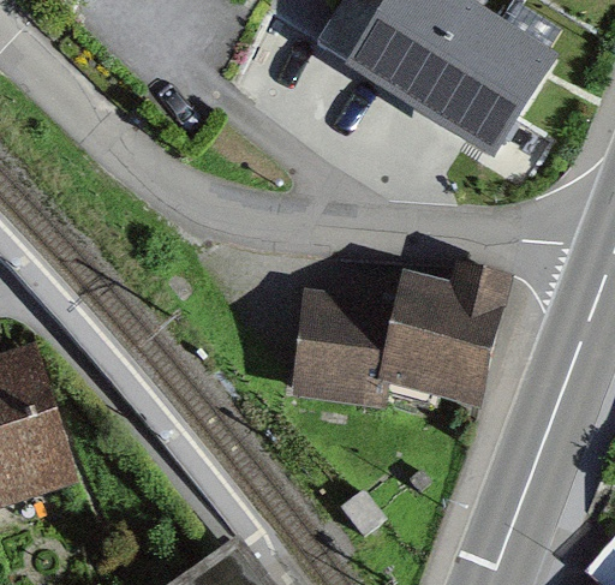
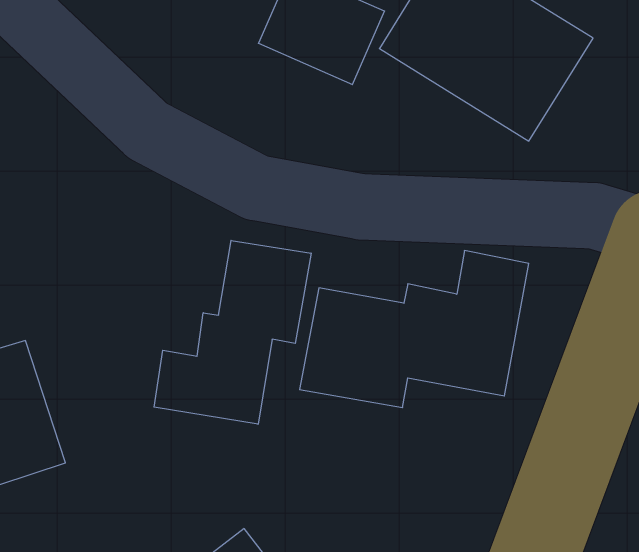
building: none -> [154,240,311,424]

